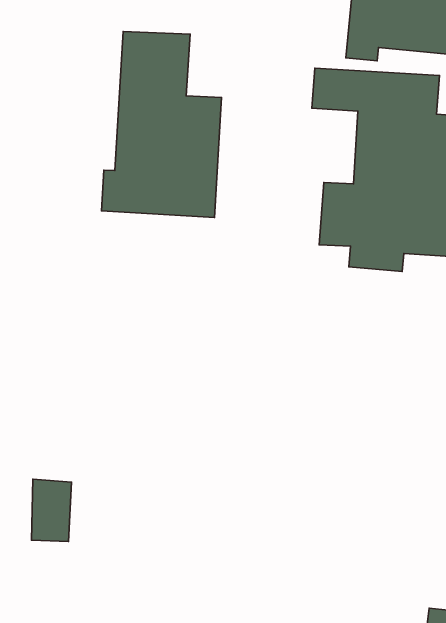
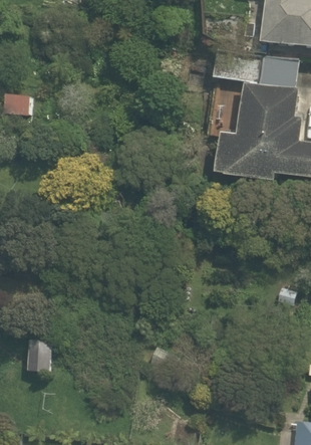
building: [101,31,222,218] -> none

